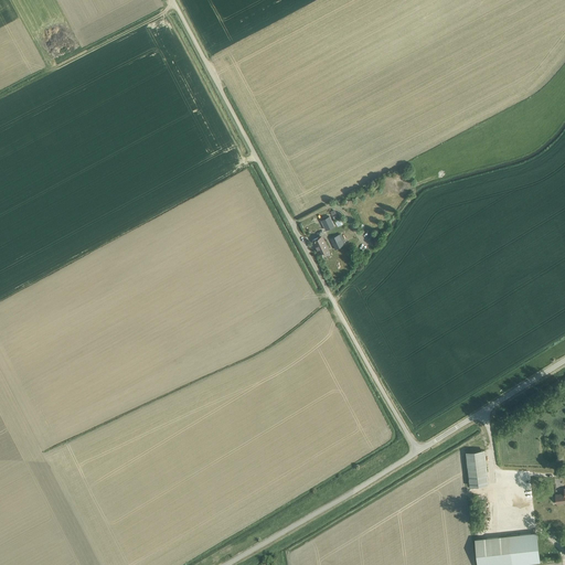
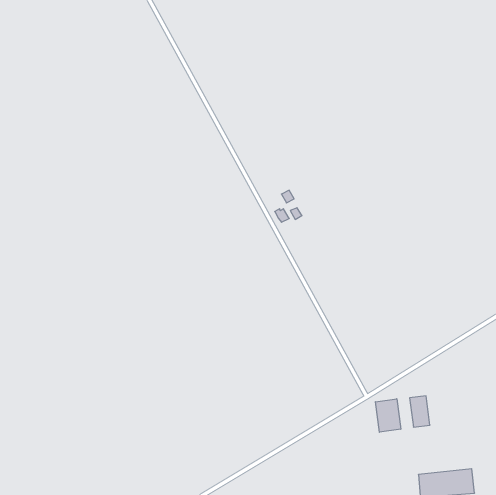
building: none -> [375,399,401,432]

